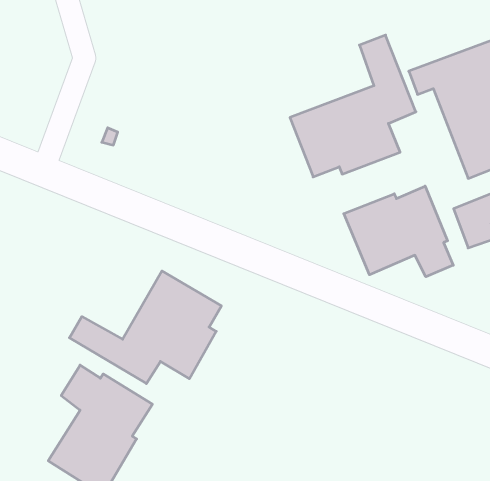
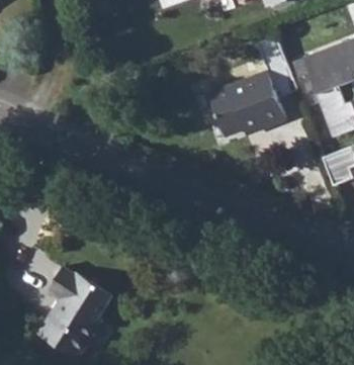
building: [344,186,453,277] -> none
building: [69,271,221,384] -> none

